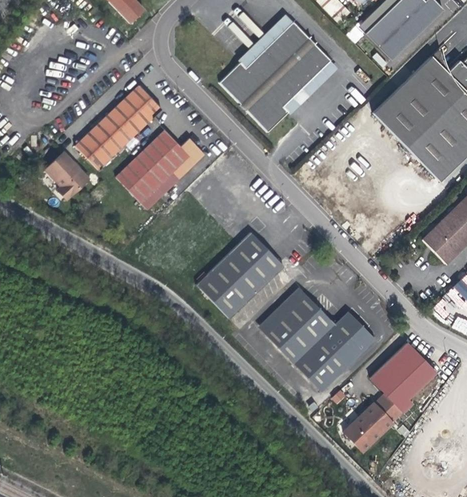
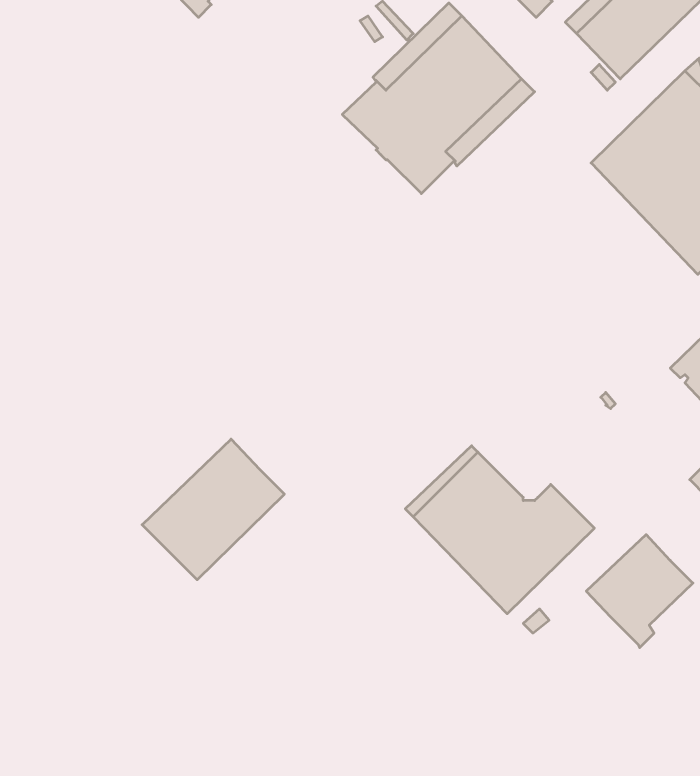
building: [76,84,162,169] -> none
building: [117,129,206,202] -> none
building: [46,151,90,199] -> none
building: [197,231,285,318] -> [142,439,284,580]
building: [345,393,403,451] -> none

